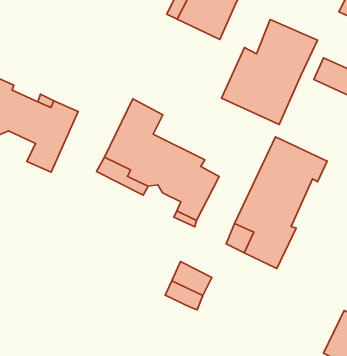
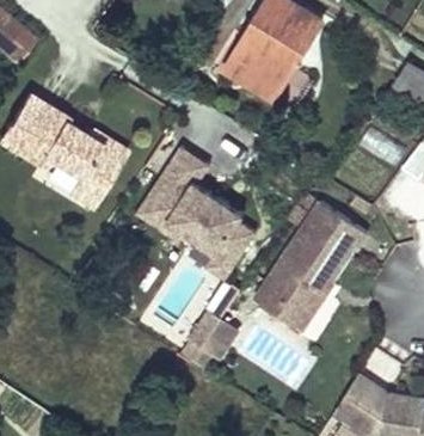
building: [221,20,318,125] -> none

